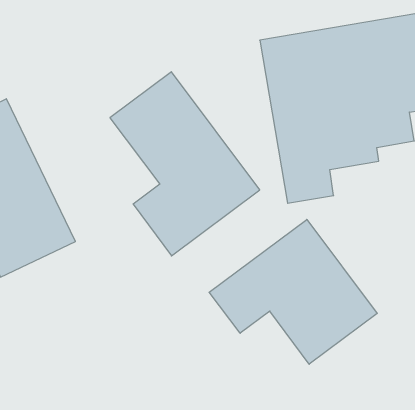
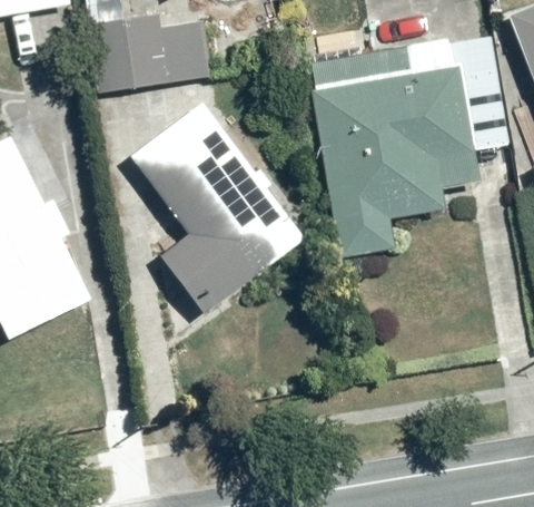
building: none -> [89,26,202,79]
building: [209,219,377,364] -> none

